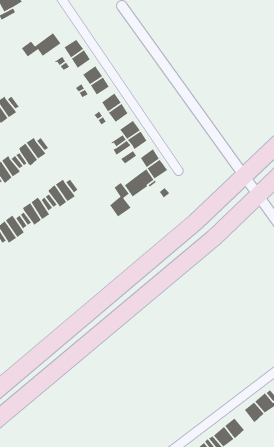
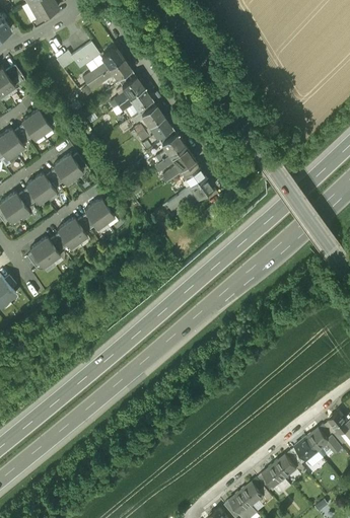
building: [109,182,132,218] -> none

